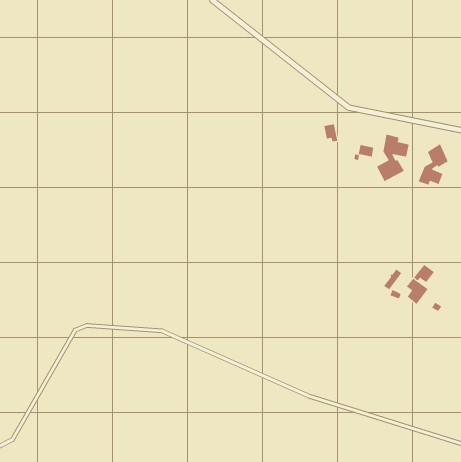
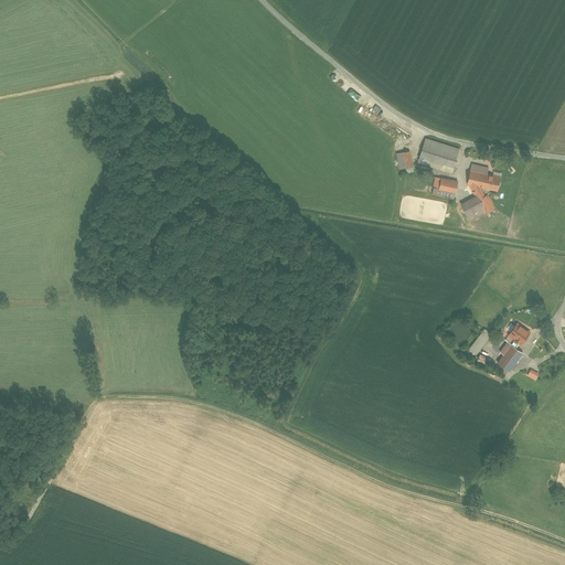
building: none -> [417,137,460,174]
building: [418,143,449,186] -> none

